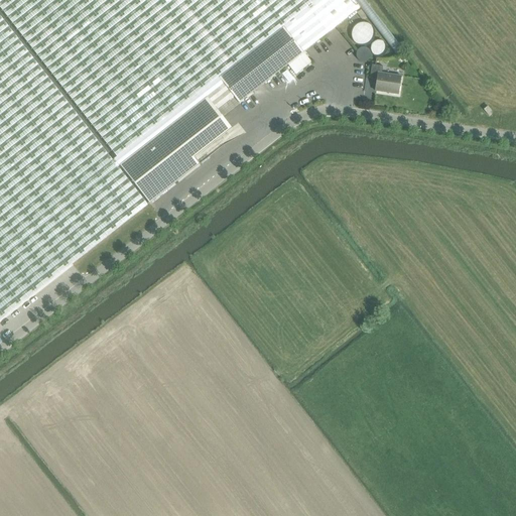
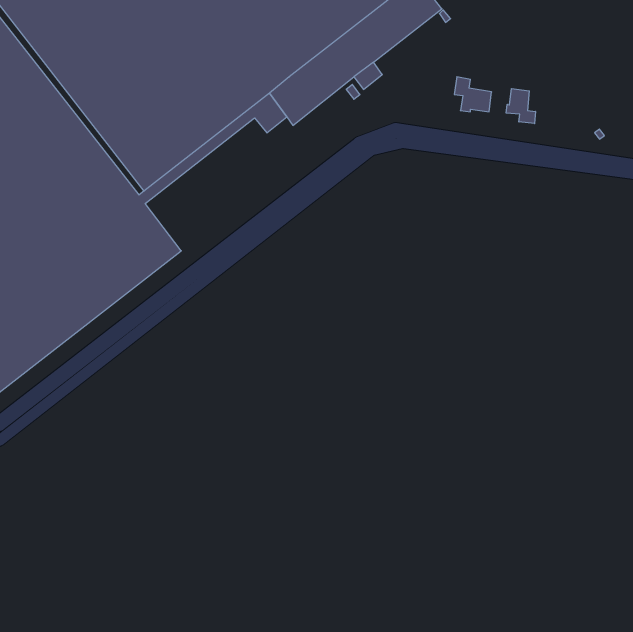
building: none -> [506,89,535,124]
building: [119,96,231,202] -> none

